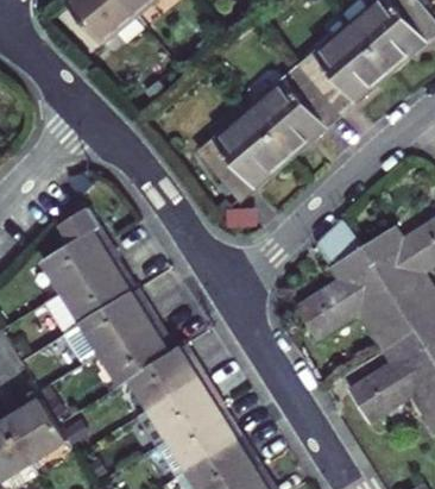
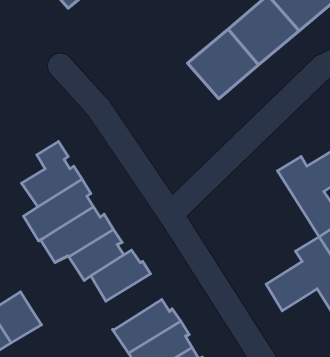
building: [200,111,289,199] -> none
building: [296,217,415,349] -> none
building: [139,376,218,446] -> none

